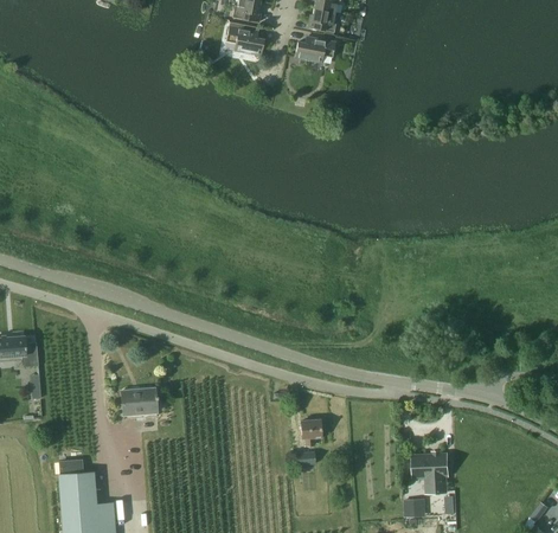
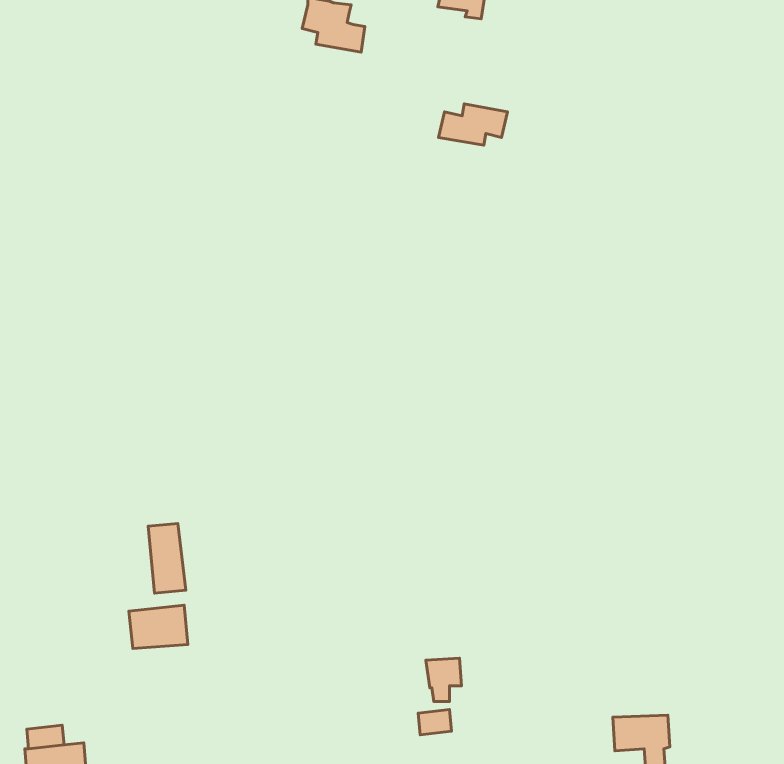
building: [295,37,336,62] -> [439,104,507,145]
building: none -> [148,523,186,593]

